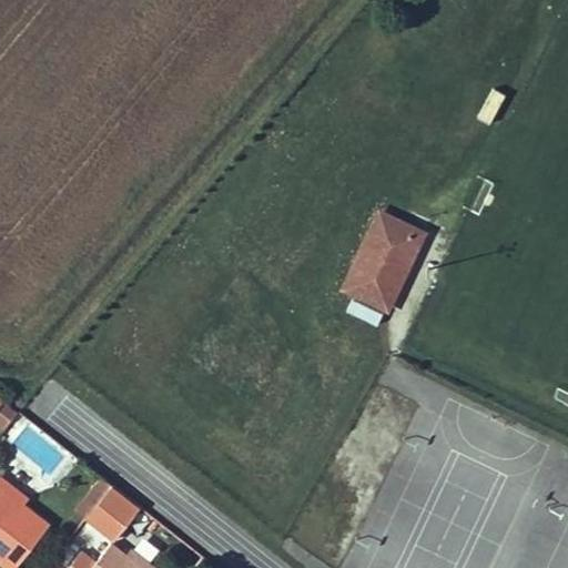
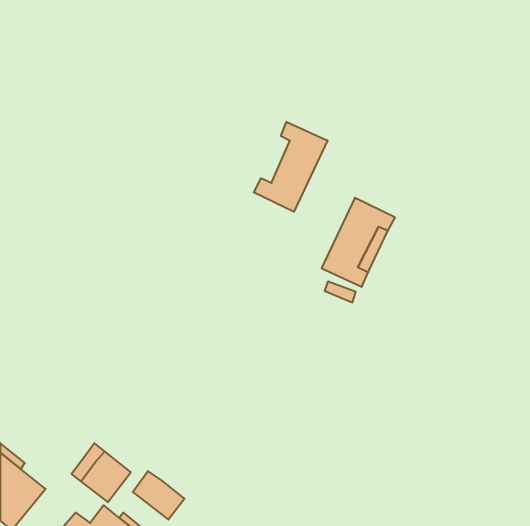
building: none -> [254,122,328,212]
building: none -> [133,471,185,520]

